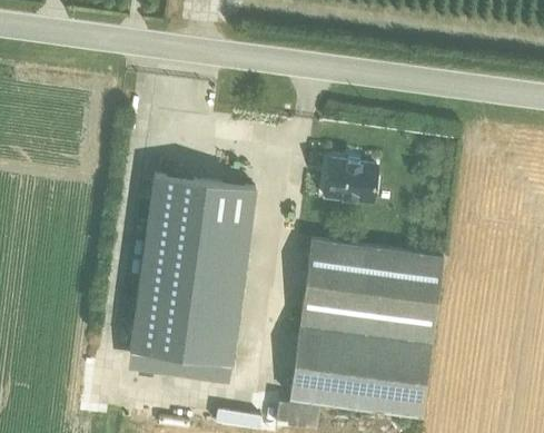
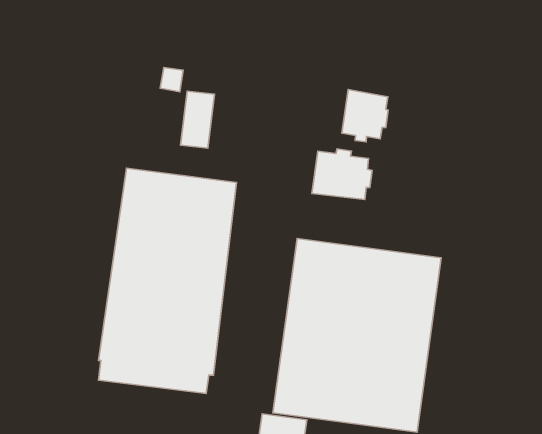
building: none -> [342,89,388,142]
building: none -> [180,91,215,148]

